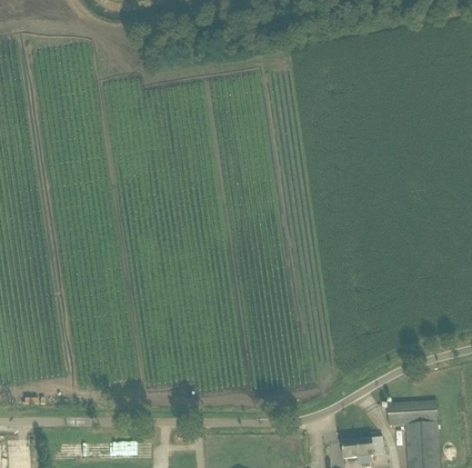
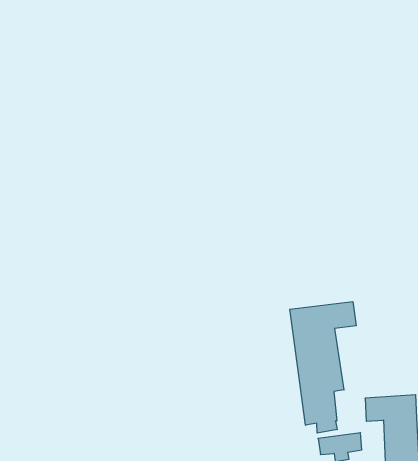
building: none -> [290,302,356,433]

